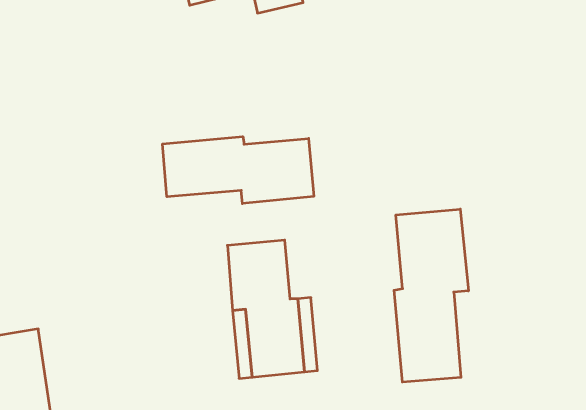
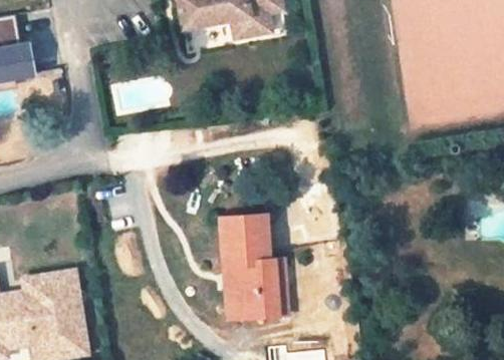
building: [163,137,314,204] -> none
building: [394,209,468,382] -> none

